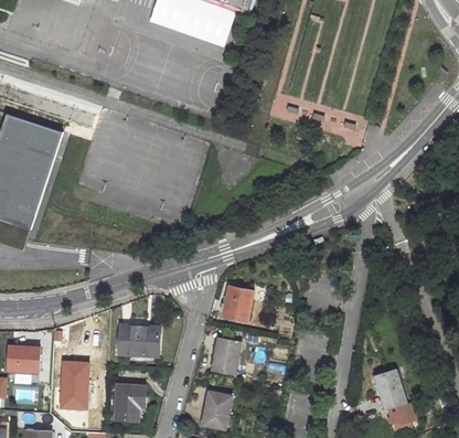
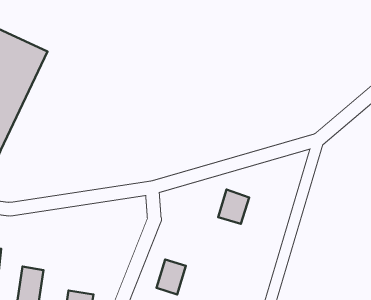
building: [220,285,250,320] -> [218,190,249,224]
building: [118,323,158,354] -> none

